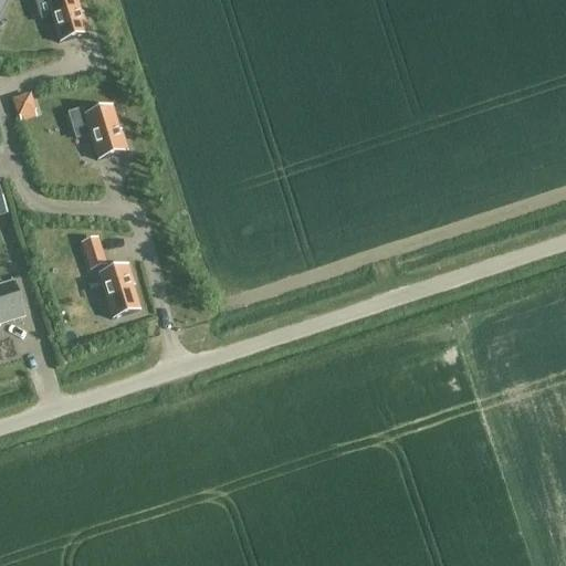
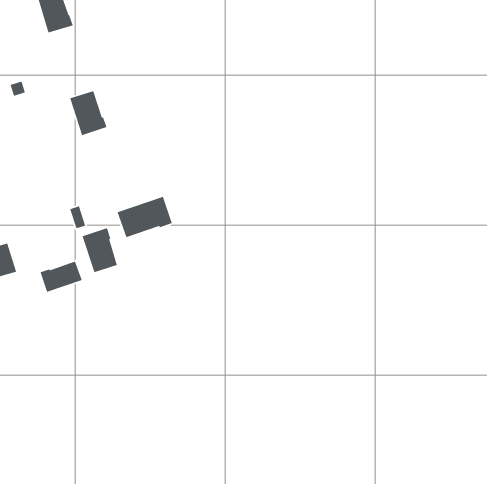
building: none -> [116,196,173,238]
building: none -> [40,261,83,293]

